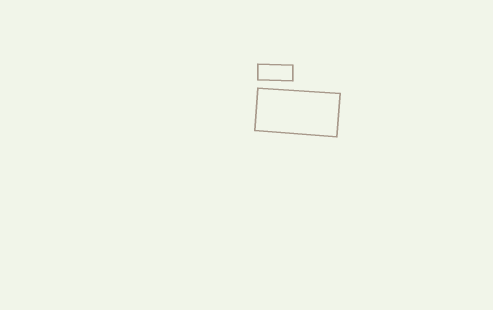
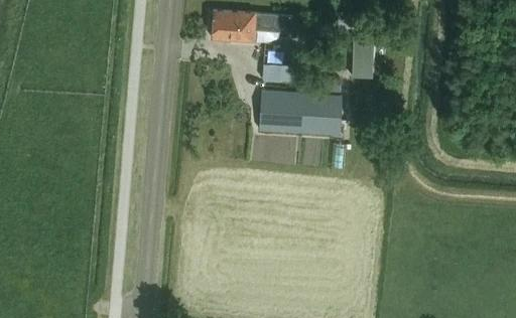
building: none -> [210,12,291,41]
building: none -> [354,39,374,78]

